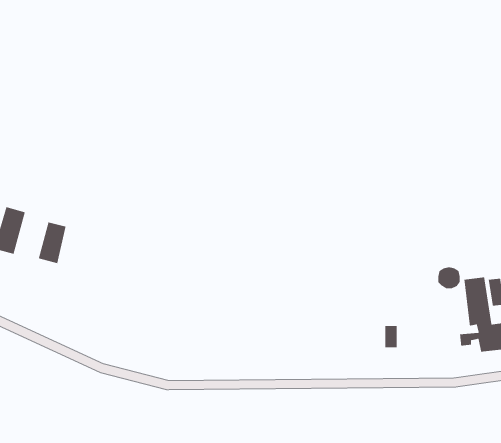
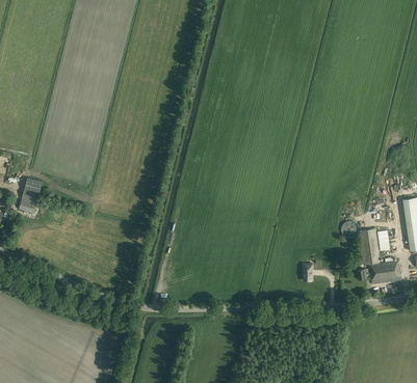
building: [38,222,67,264] -> none

